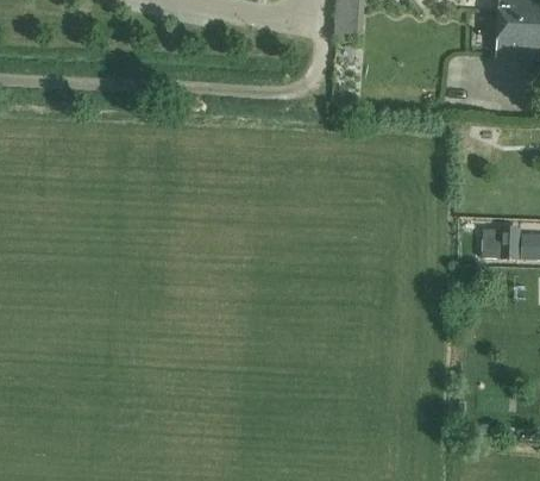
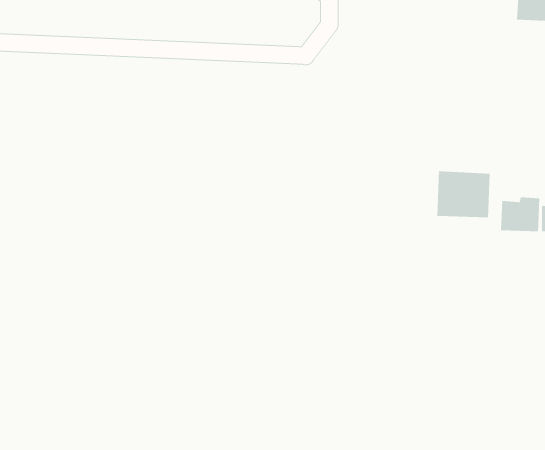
building: none -> [437,171,490,218]

